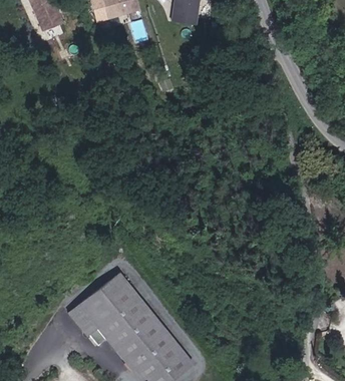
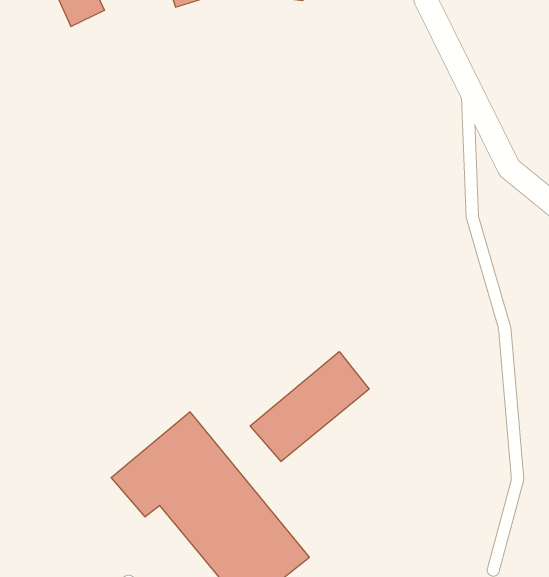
building: none -> [250,352,369,462]

